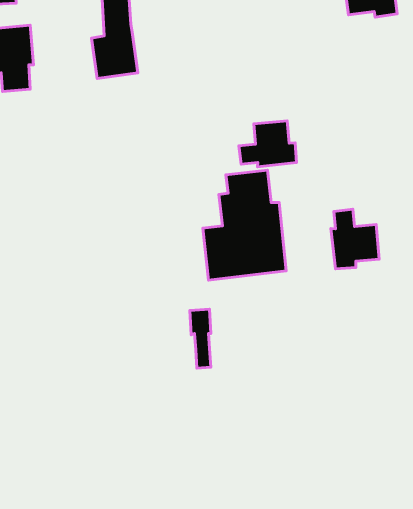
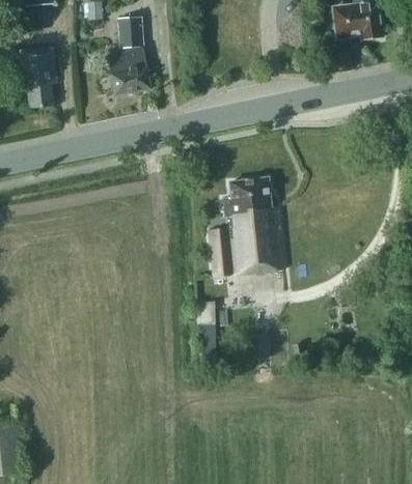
building: [239,121,297,167] -> none
building: [331,209,379,269] -> none

